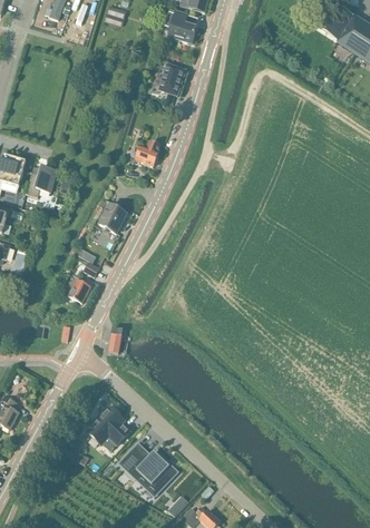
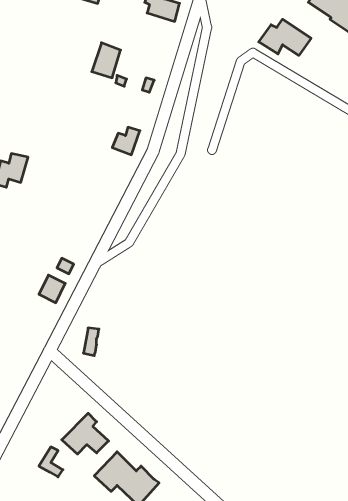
building: none -> [259,19,311,55]
building: [158,63,185,96] -> [92,43,121,78]
building: [99,205,127,234] -> none

